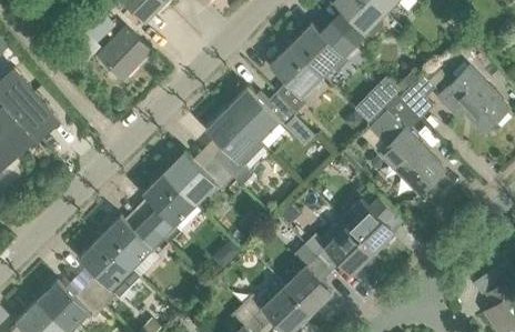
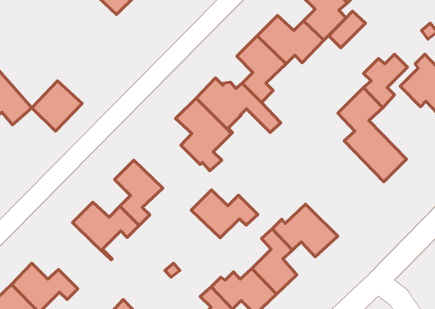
building: [98,28,150,80] -> [32,81,82,131]
building: [361,77,398,114] -> [329,11,365,48]
building: [162,153,231,203] -> [191,190,258,238]
building: [340,184,394,253] -> none
building: [79,239,139,308] -> none

